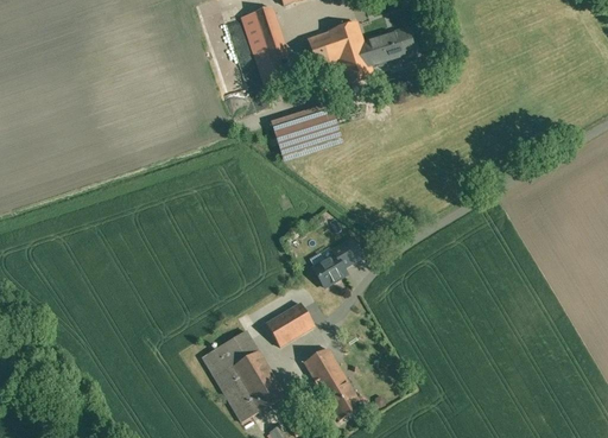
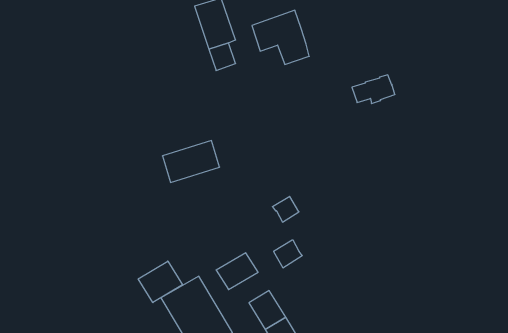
building: [363,28,413,62] -> [352,75,395,104]
building: [272,104,338,153] -> [162,141,220,182]
building: [312,254,346,286] -> [274,240,302,268]
building: none -> [138,261,182,303]

